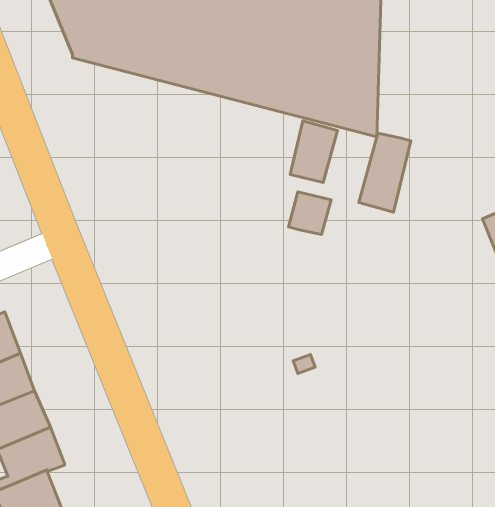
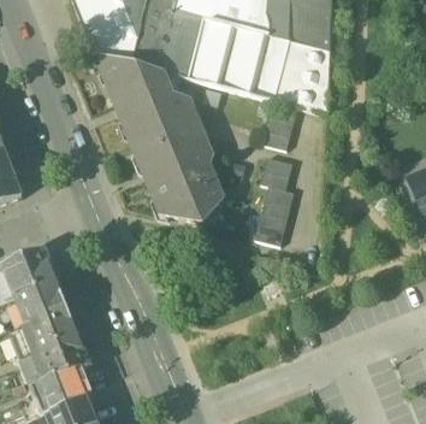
building: none -> [106,58,224,226]
building: [359,133,411,212] -> [254,186,294,246]

